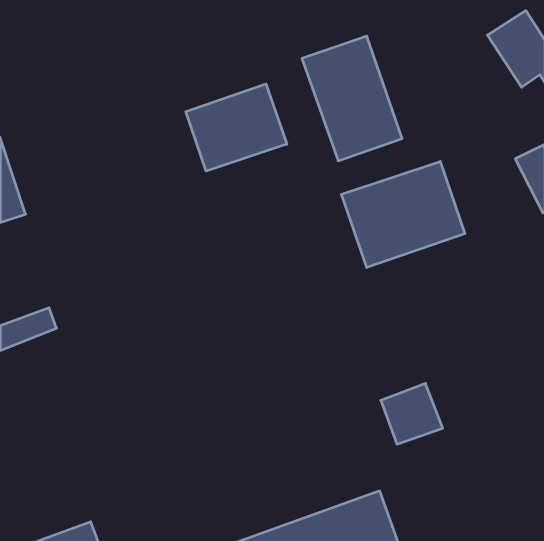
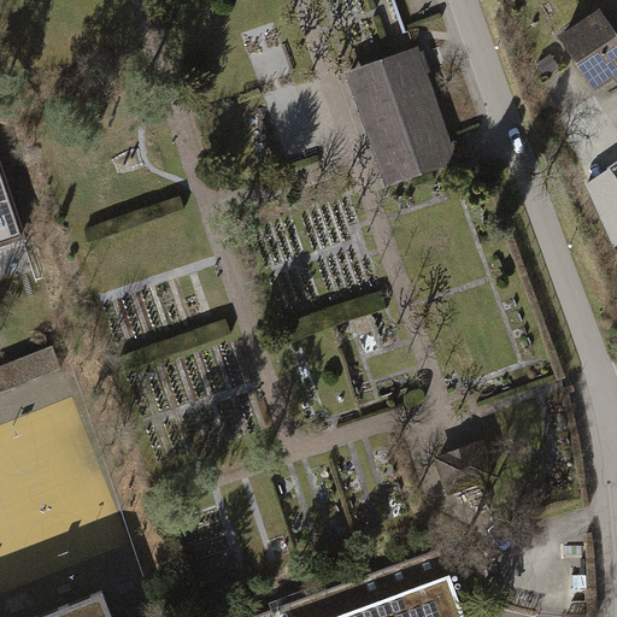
building: [186,84,287,171] -> none
building: [341,161,465,268] -> none

